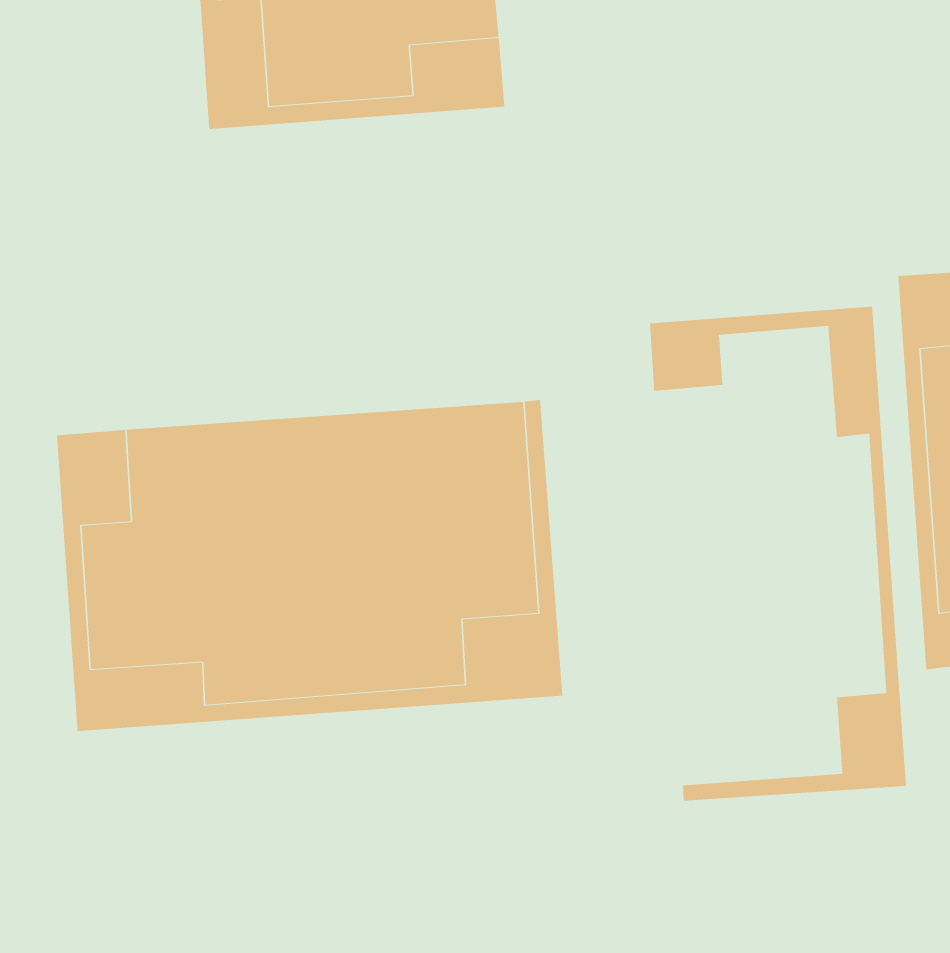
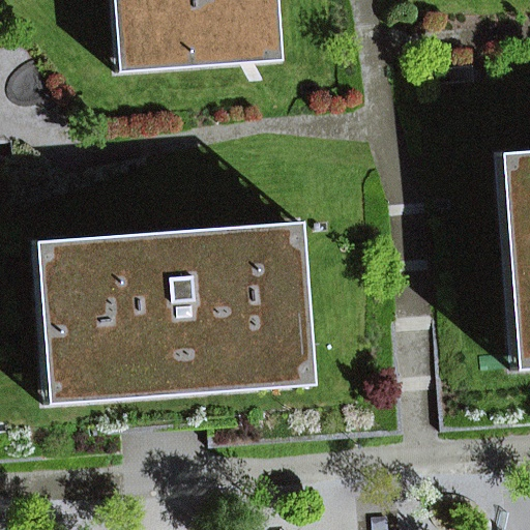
building: [649,306,906,802] -> none

